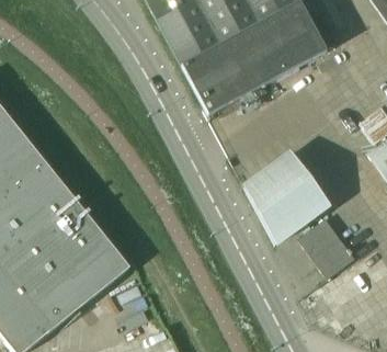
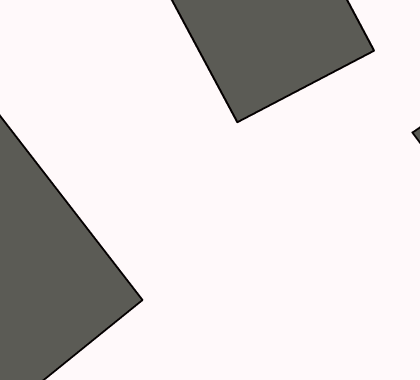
building: [244,152,354,280] -> none

